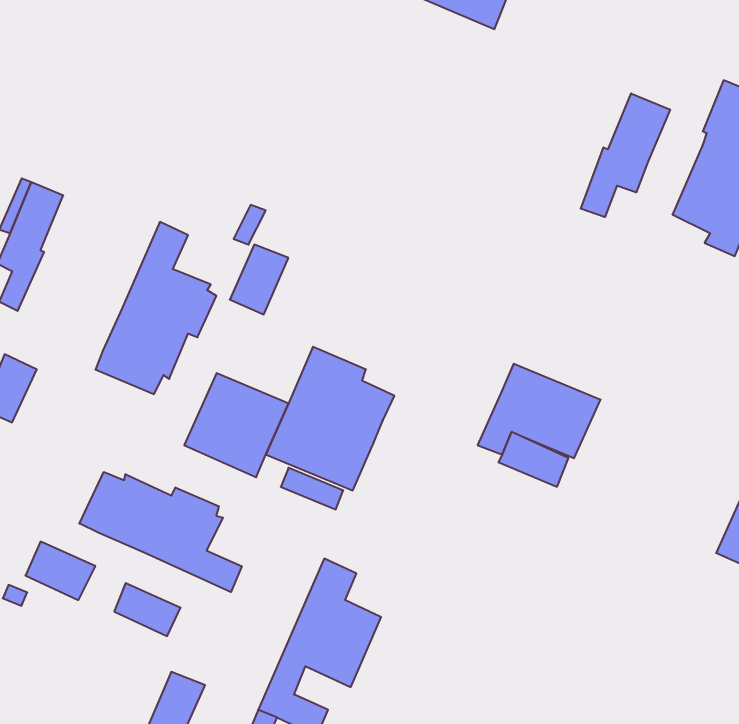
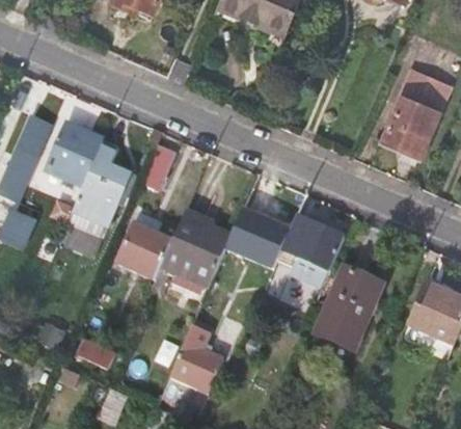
building: [581,93,670,217] -> none
building: none -> [45,125,102,188]
building: none -> [224,212,290,270]
building: none -> [316,269,380,349]
building: [79,472,242,592] -> none

